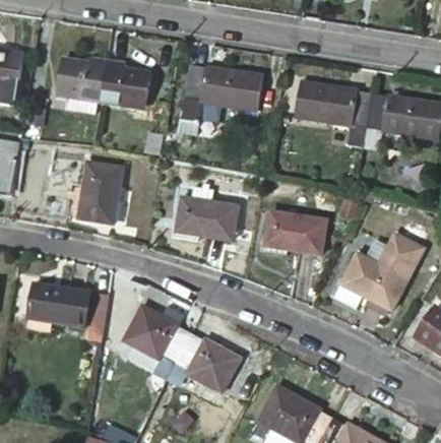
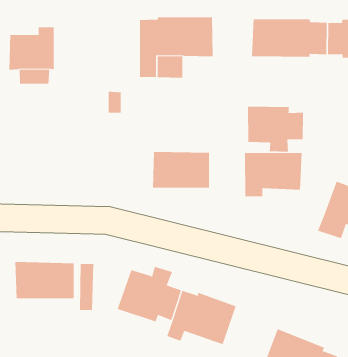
building: [99,59,147,108] -> none
building: [76,162,119,222] -> none
building: none -> [247,106,303,152]

